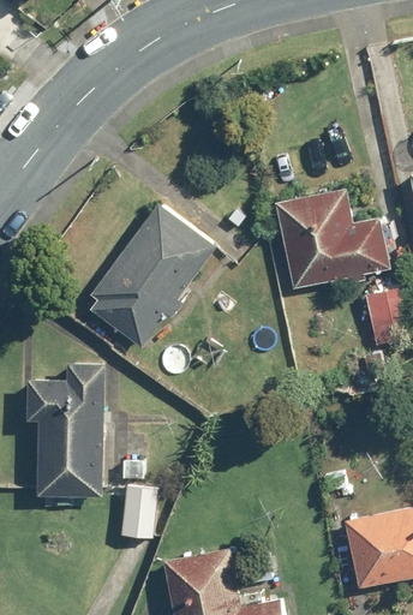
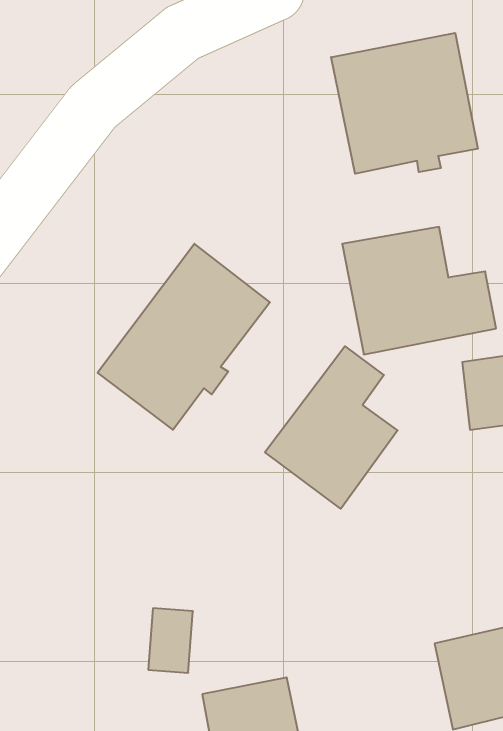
building: none -> [331,33,478,174]
building: none -> [265,346,398,509]
building: [26,358,106,494] -> none

